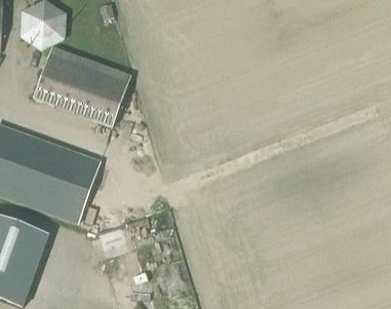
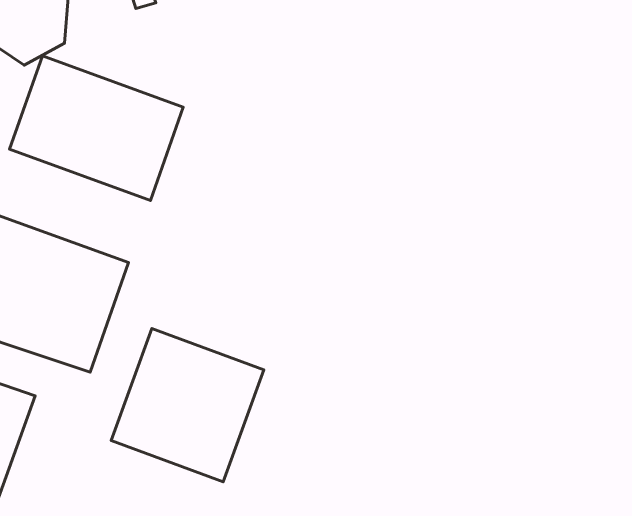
building: none -> [111,328,264,482]

